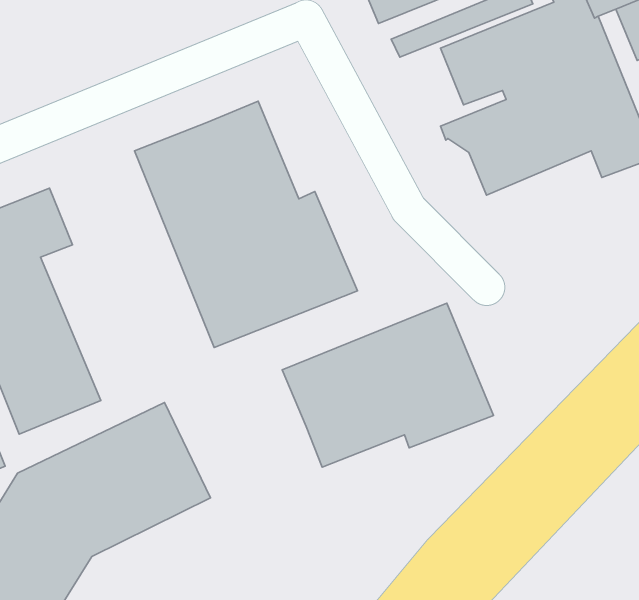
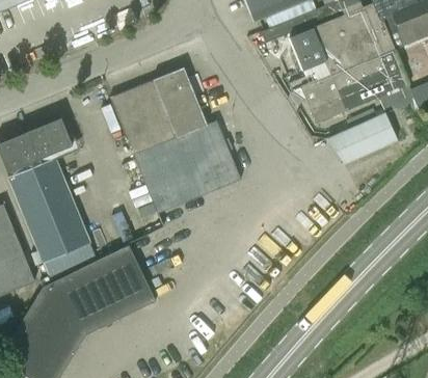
building: none -> [328,113,399,164]
building: [282,303,494,467] -> none

